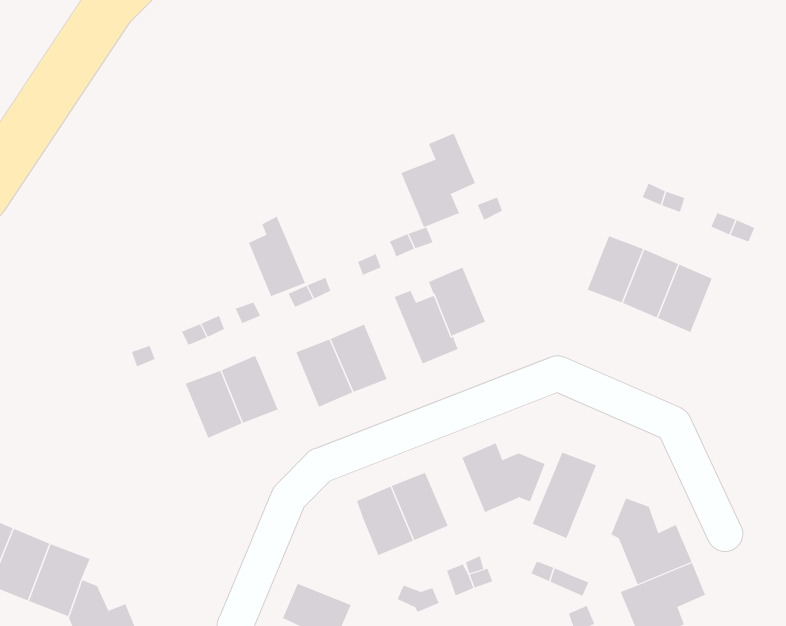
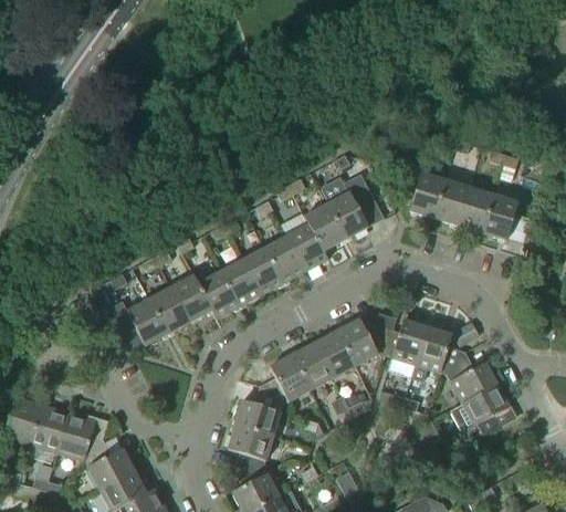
building: [401,133,476,228] -> [327,173,378,238]
building: [248,216,306,298] -> [265,227,306,282]
building: none -> [483,195,520,240]
building: none -> [199,270,240,317]
building: none -> [106,297,168,345]
building: none -> [315,330,357,376]
building: none -> [413,326,453,380]
building: none -> [237,377,289,435]

